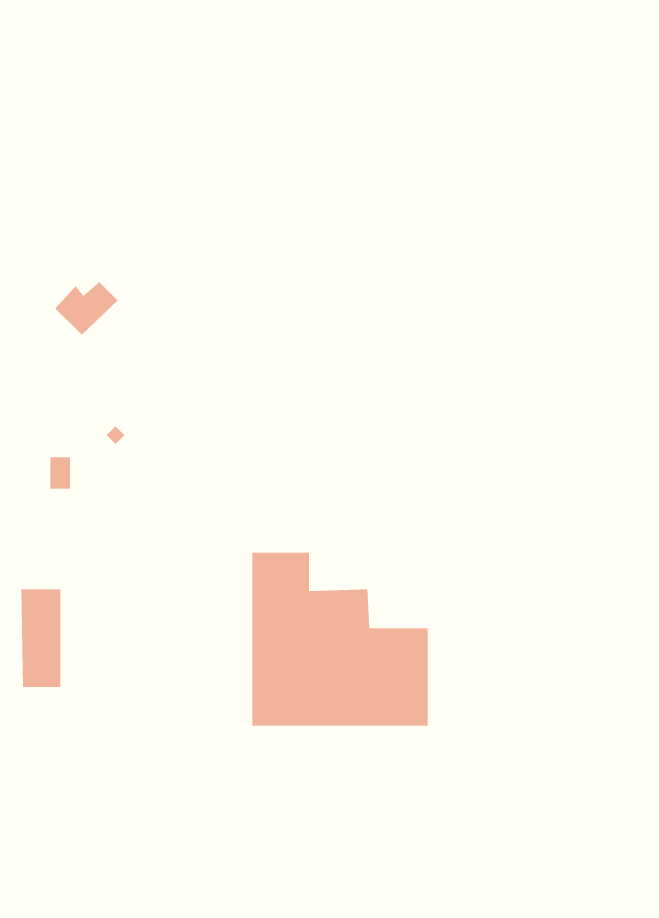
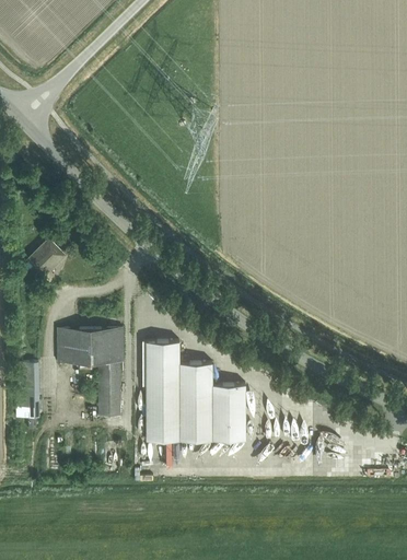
building: [54,281,119,336] -> [28,246,65,277]
building: none -> [57,329,123,418]

